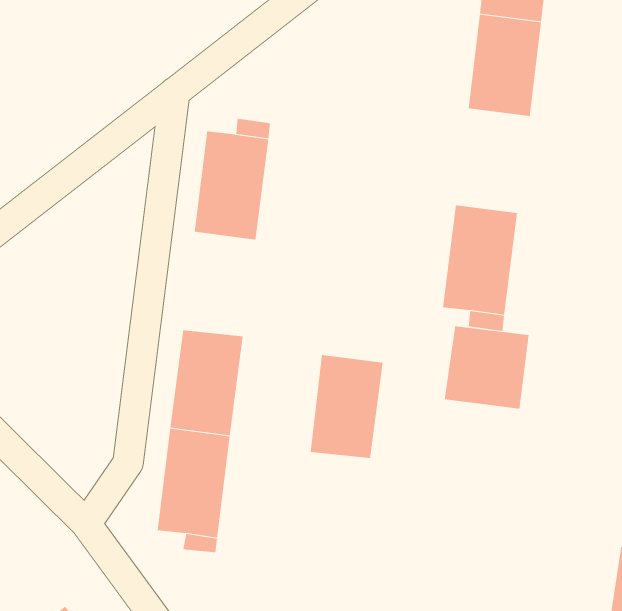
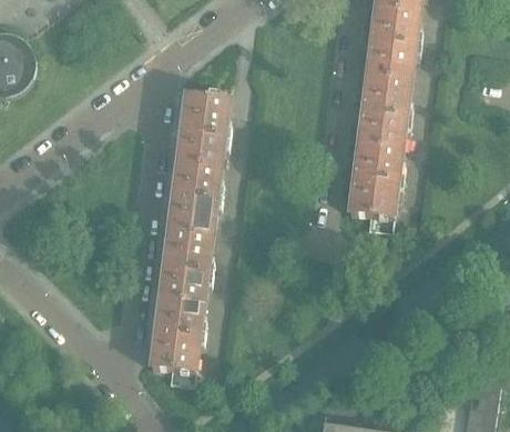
building: none -> [359,78,411,150]
building: [444,326,529,409] -> none
building: [310,354,384,459] -> [171,163,222,235]

